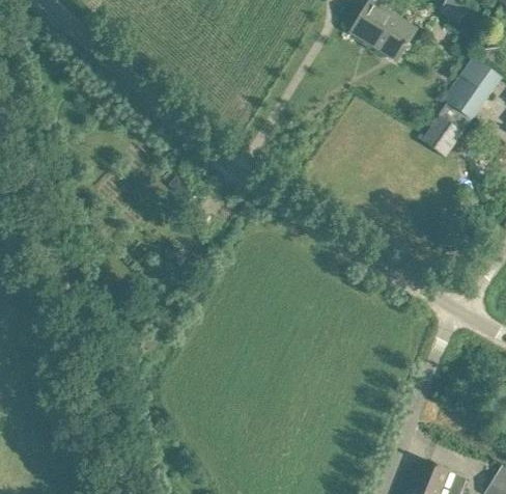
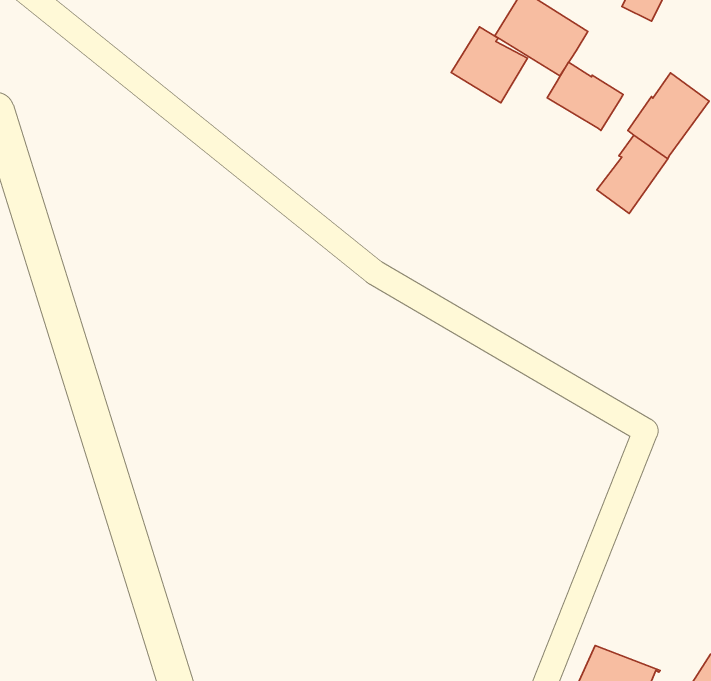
building: none -> [451,27,527,103]
building: none -> [547,62,623,131]

